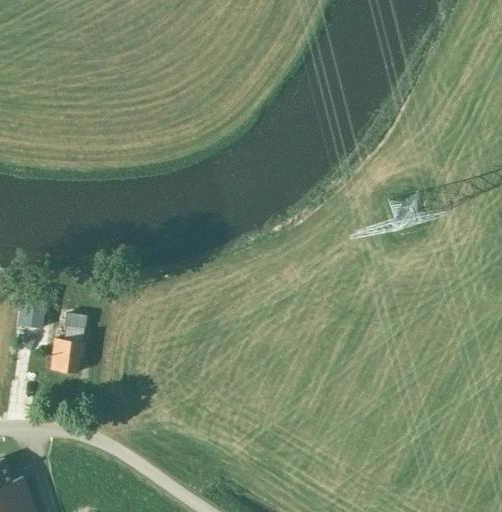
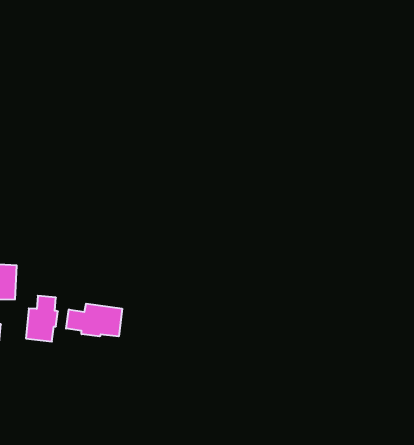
building: none -> [66,304,122,336]

